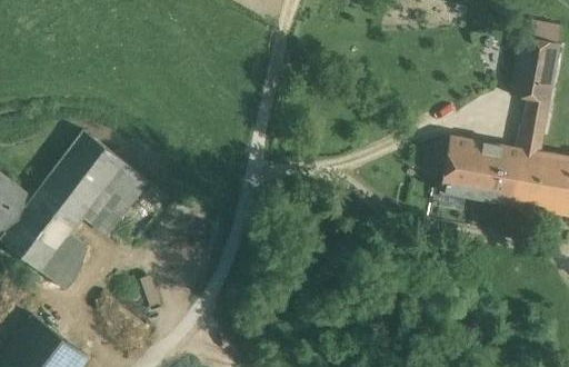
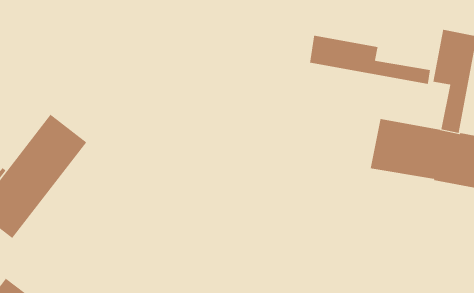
building: none -> [309,35,430,85]
building: [40,163,148,291] -> none

